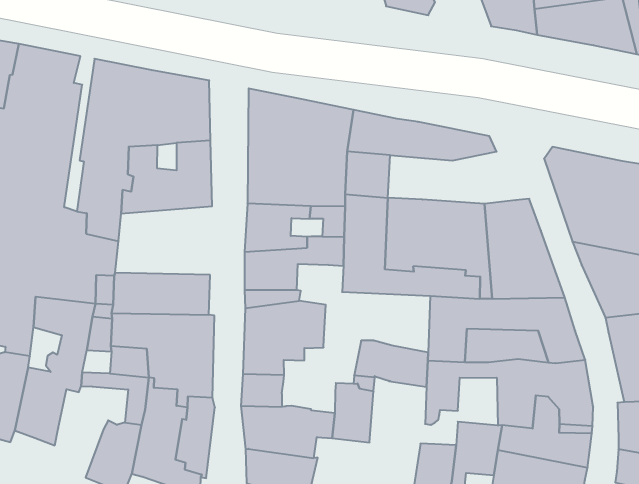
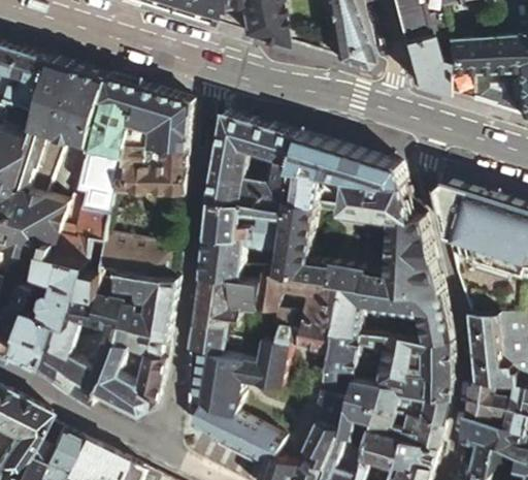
building: none -> [341,177,411,216]
building: none -> [256,268,339,323]
building: none -> [40,320,82,389]

